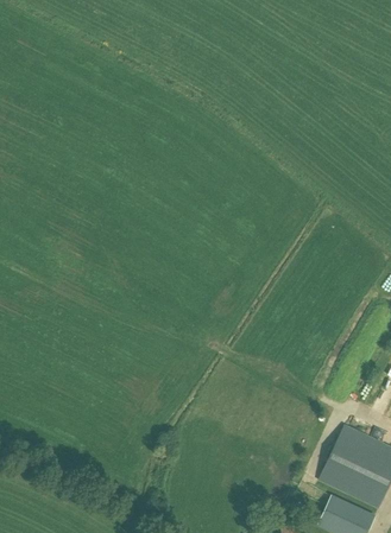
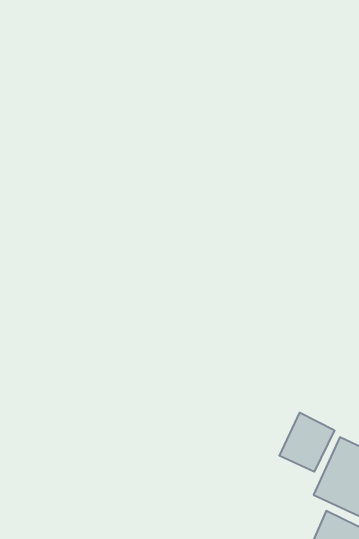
building: none -> [279,413,334,472]

